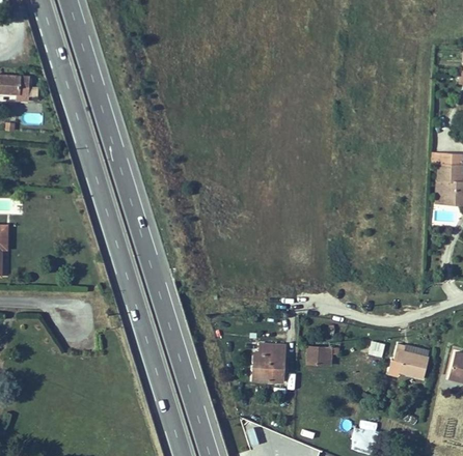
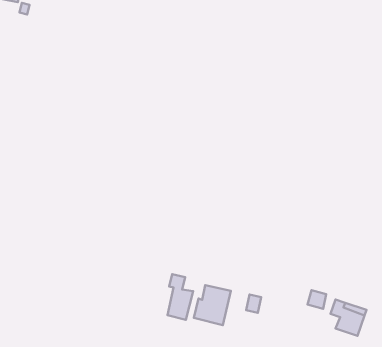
building: none -> [168,274,193,320]

